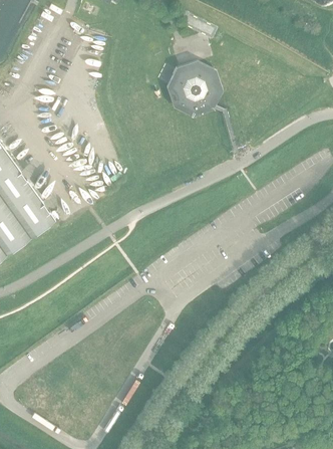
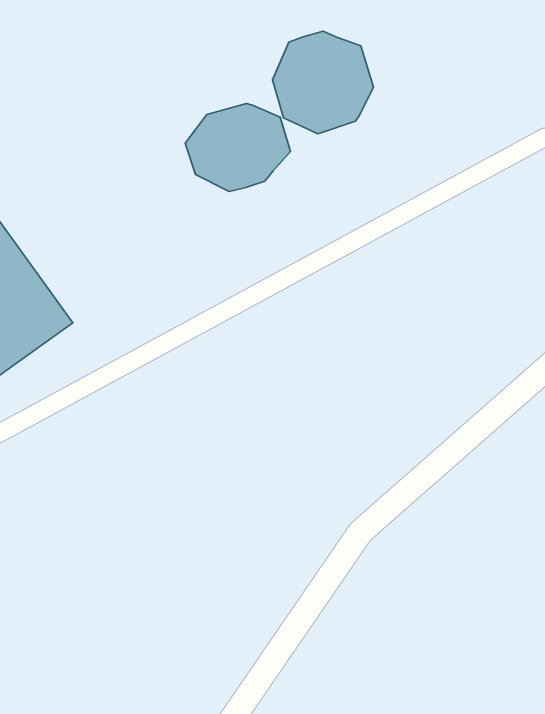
building: none -> [185,103,291,192]

